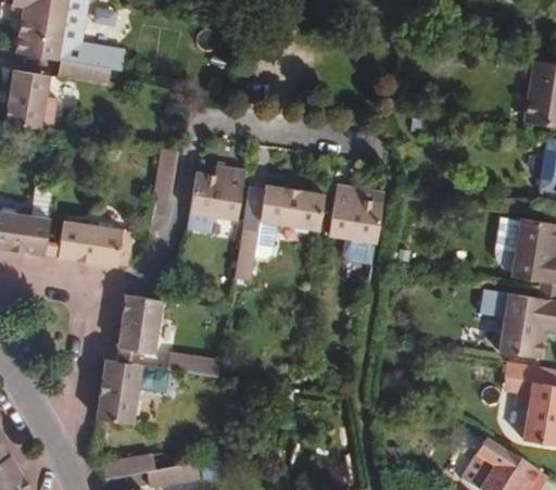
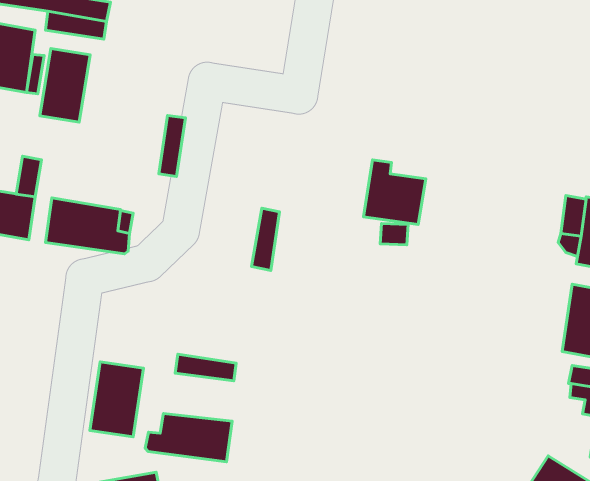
building: none -> [40,49,90,122]
building: [187,165,244,236] -> none
building: [260,185,325,231] -> none
building: [117,294,162,352] -> none
building: none -> [145,414,232,462]

